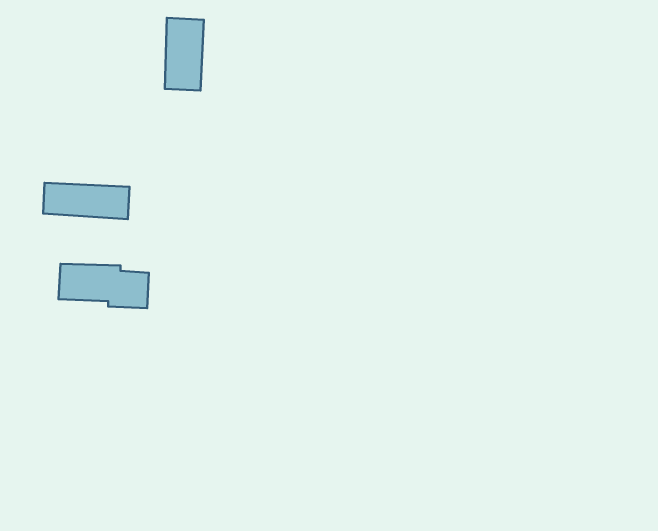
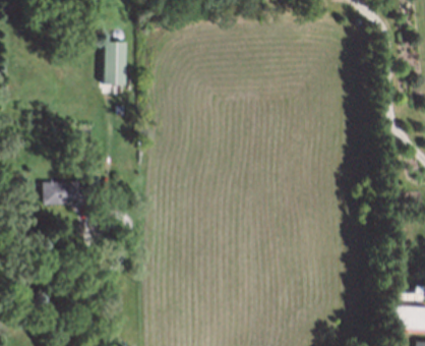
building: [43,183,129,219] -> none

